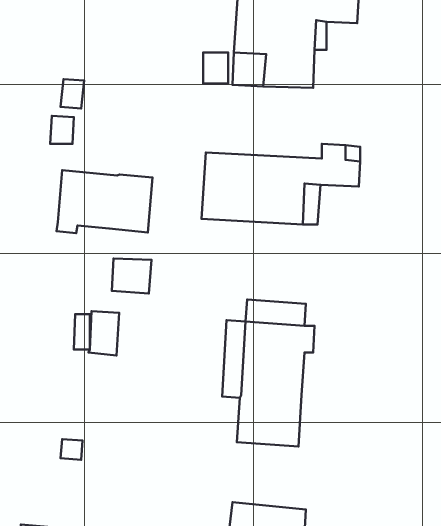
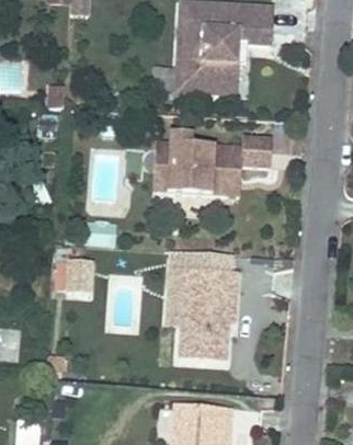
building: [56,170,152,233] -> none

